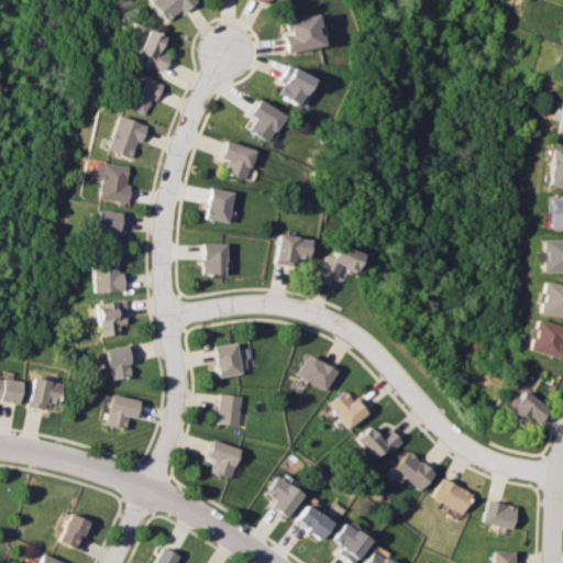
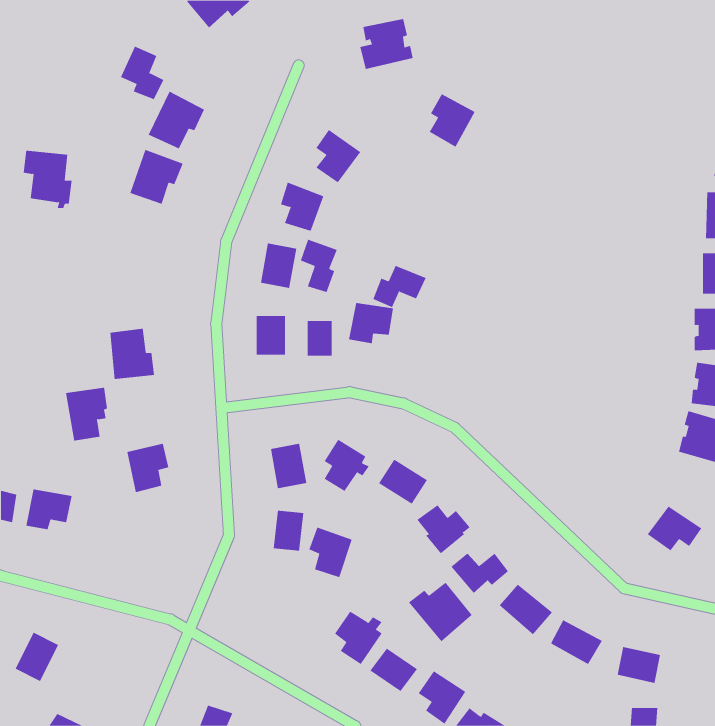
building: [141,30,175,71] -> [120,46,164,100]
building: [282,65,318,107] -> [429,94,476,147]
building: [96,162,134,207] -> [23,150,72,208]
building: none -> [300,239,337,293]
building: [98,211,130,244] -> none
building: [322,245,364,278] -> [372,265,426,308]
building: none -> [307,320,332,356]
building: [98,299,131,341] -> [65,387,108,441]
building: none -> [324,439,370,492]
building: [108,395,143,431] -> none
building: [210,440,244,479] -> [308,527,353,578]
building: none -> [408,582,473,642]
building: [65,510,99,549] -> [15,632,59,682]

